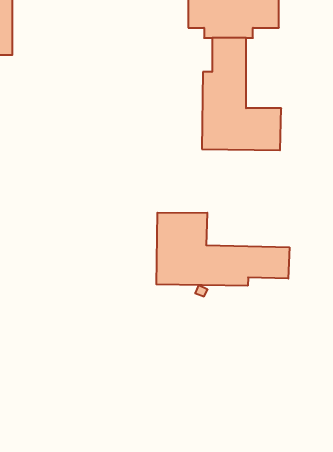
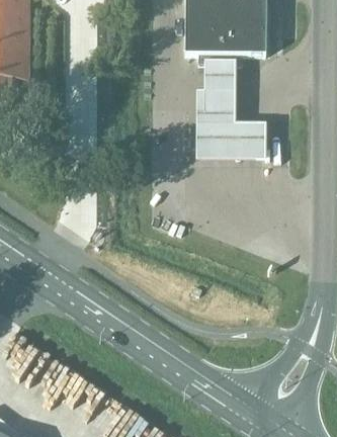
building: [156,213,289,286] -> none

